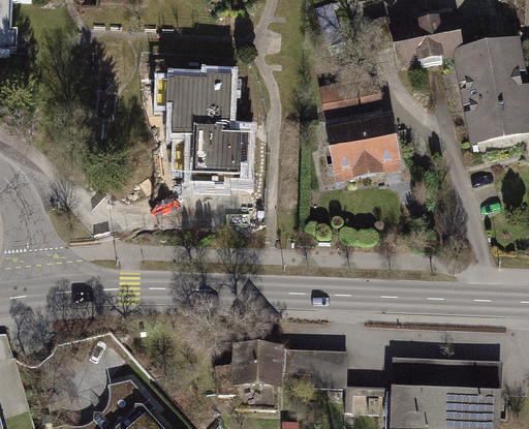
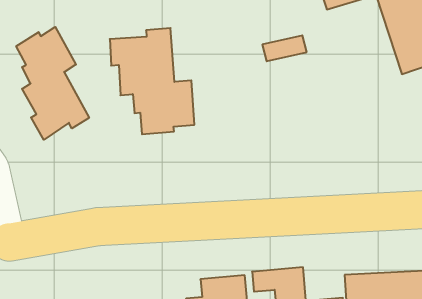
building: none -> [16,27,89,140]
building: [326,115,397,178] -> none

